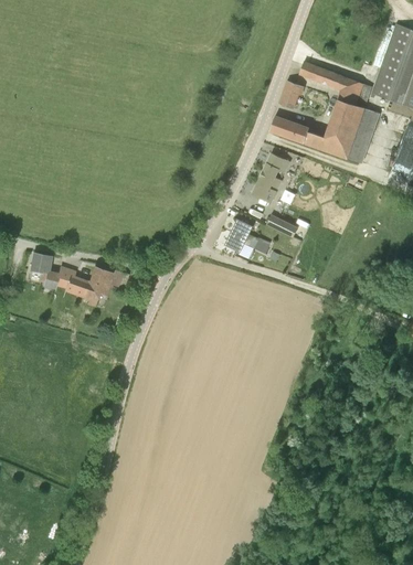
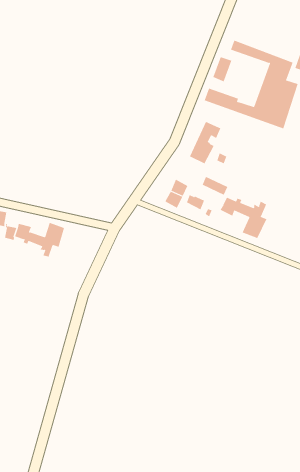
building: none -> [220,196,267,239]

